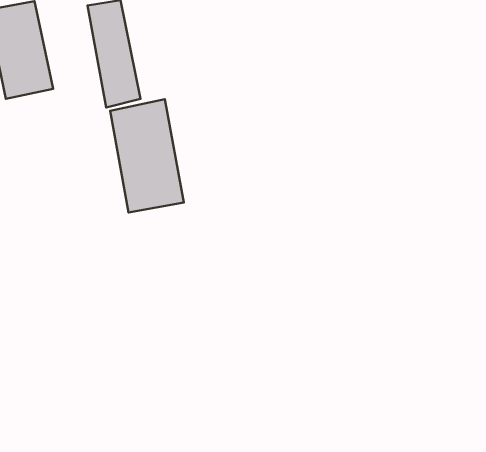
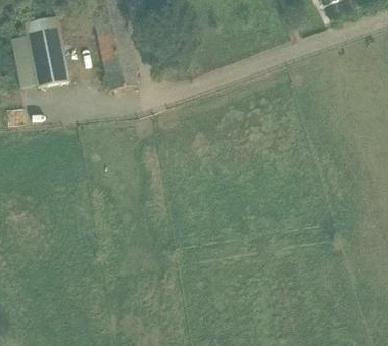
building: [110,99,184,213] -> none

